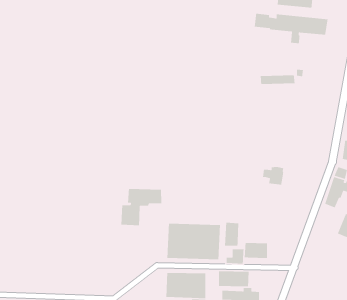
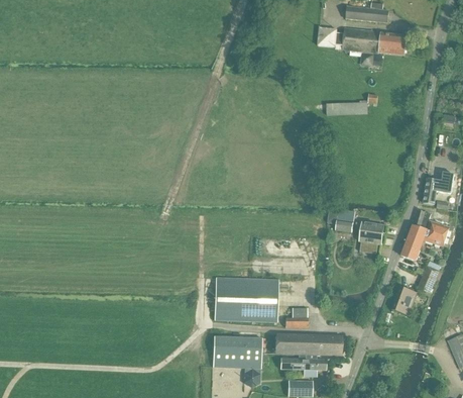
building: none -> [359,222,383,255]
building: [121,188,162,226] -> none
building: [224,222,239,246] -> none
building: none -> [391,287,416,314]
building: [244,242,268,259] -> [312,335,340,356]

